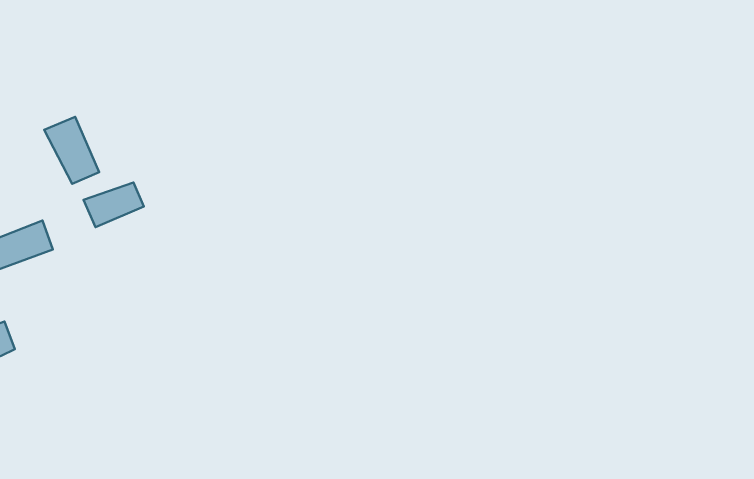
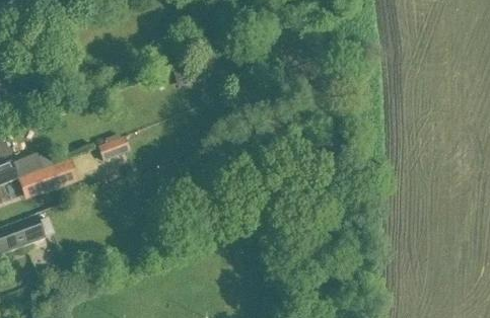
building: [44,117,99,184] -> none

